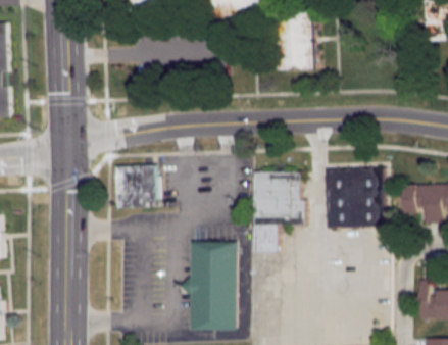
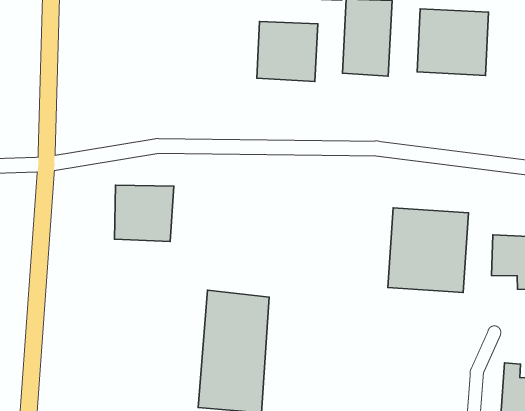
building: none -> [417,9,489,75]
building: none -> [257,22,318,82]
building: [253,170,306,253] -> none

